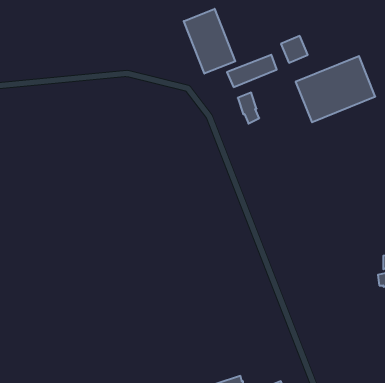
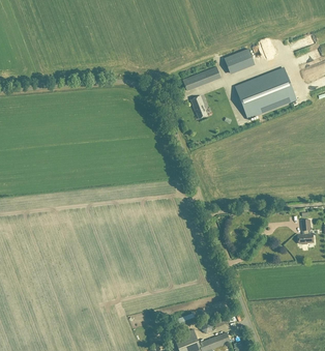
building: [184,9,235,74] -> none

